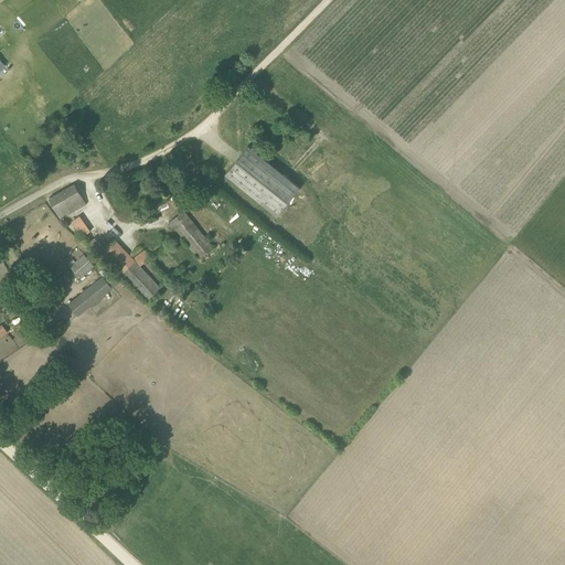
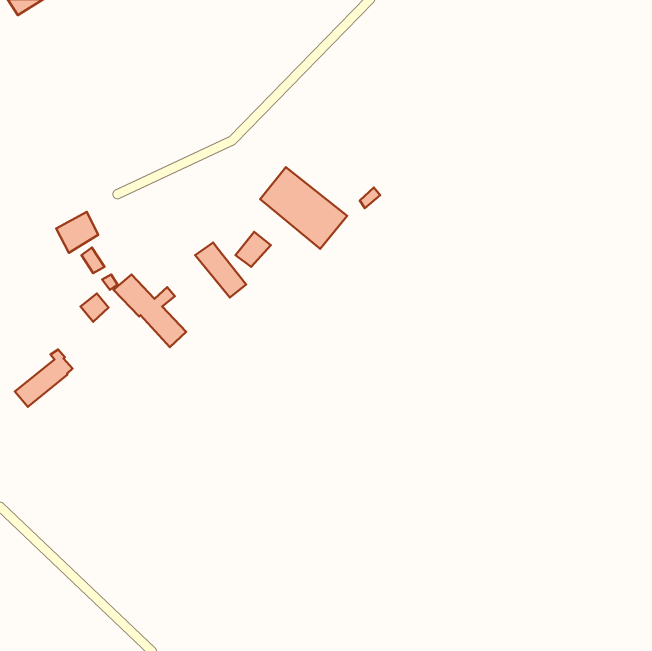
building: none -> [235,232,271,267]
building: [67,266,117,316] -> [15,349,72,407]

